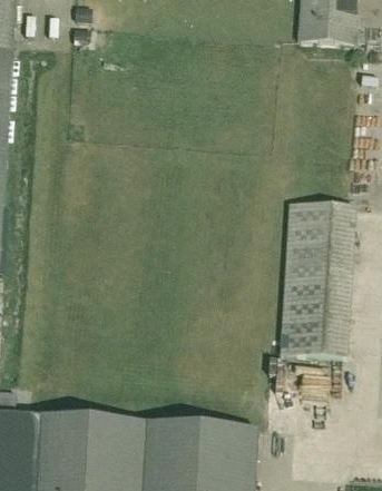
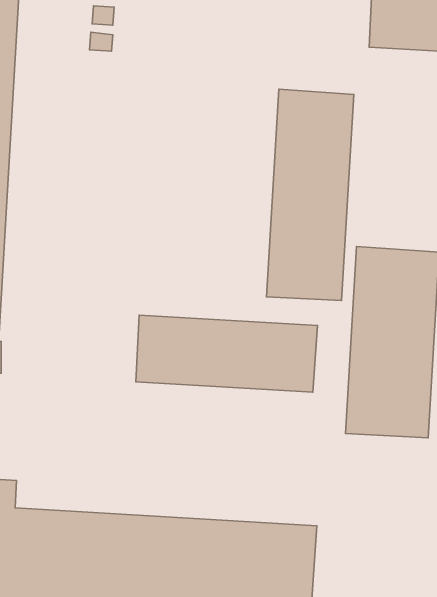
building: none -> [266,89,354,301]
building: none -> [136,315,317,392]

